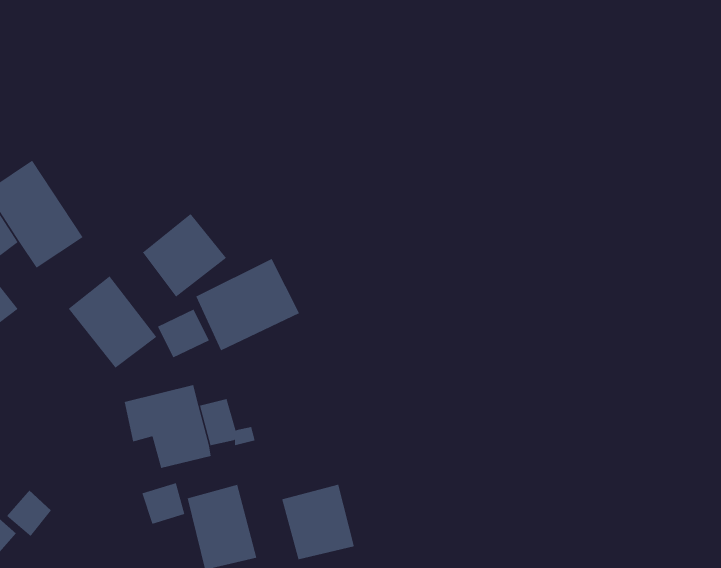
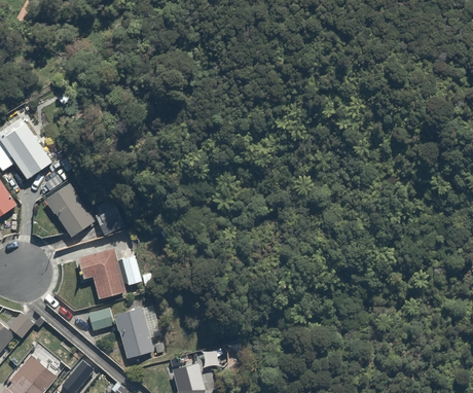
building: [142,213,227,297] -> none
building: [196,258,300,351] -> none
building: [281,484,354,560] -> none

